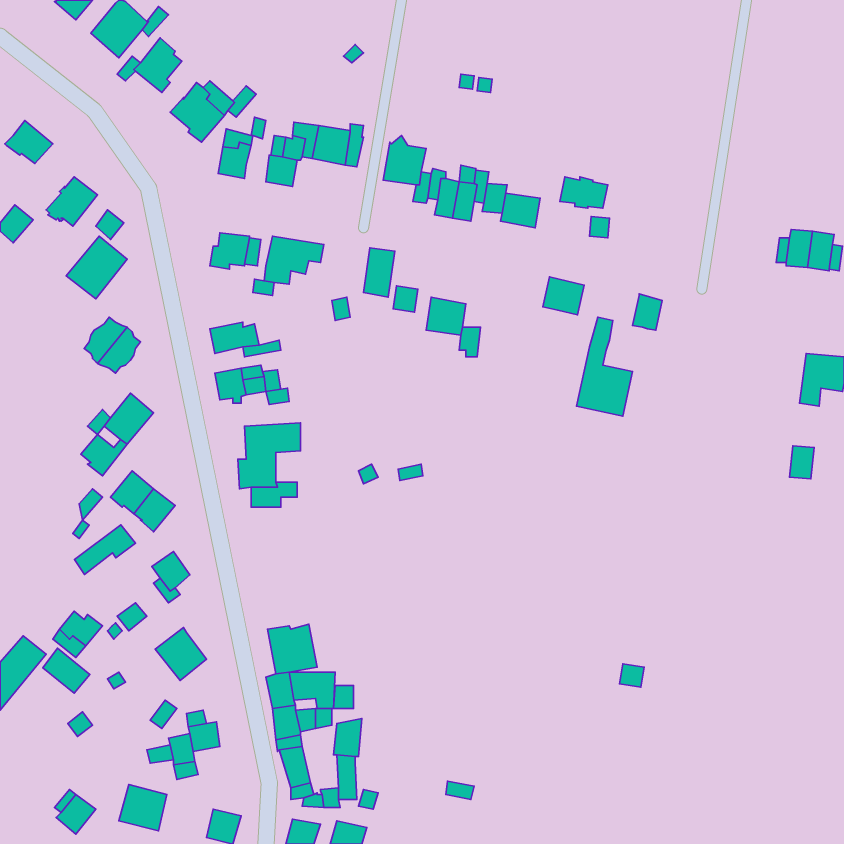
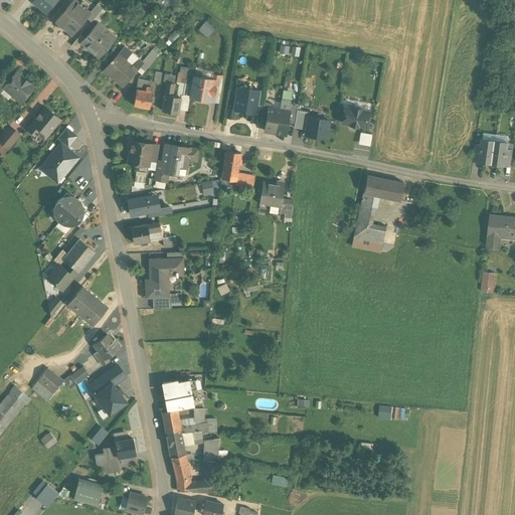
building: [543,277,584,315] -> [364,175,389,198]
building: [75,525,136,574] -> [89,365,126,395]
building: [43,648,90,693] -> none

